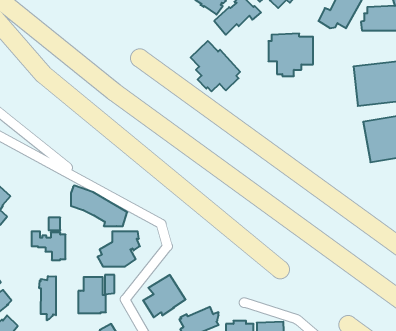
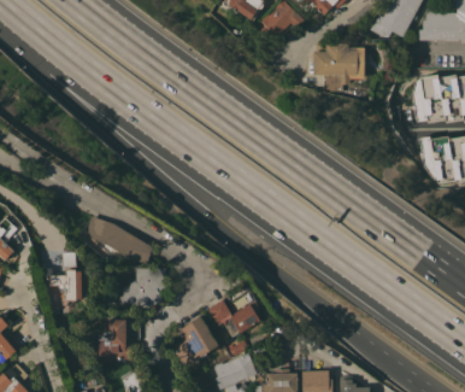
building: [191,41,240,91] -> none
building: none -> [207,291,260,337]
building: [39,276,56,320] -> none

